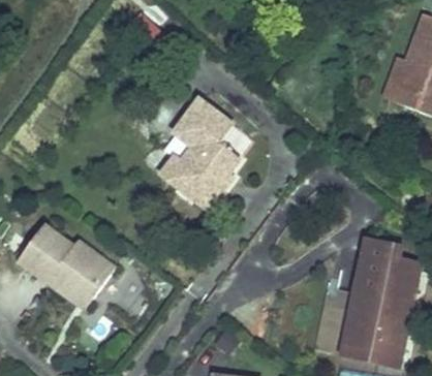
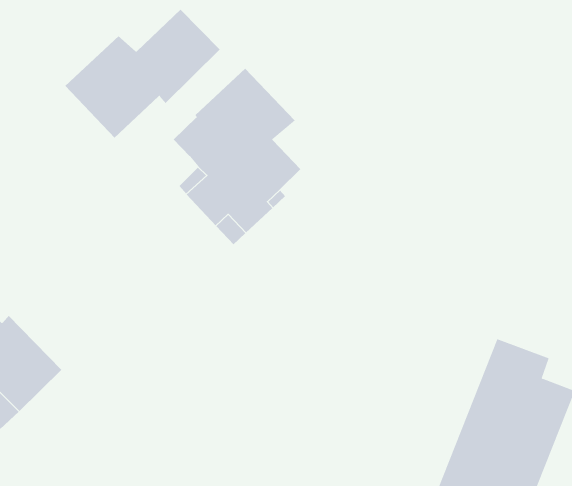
building: none -> [65,9,221,139]

